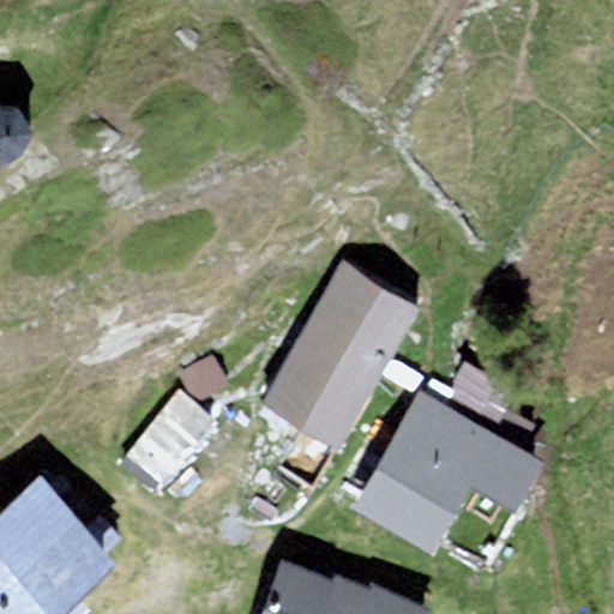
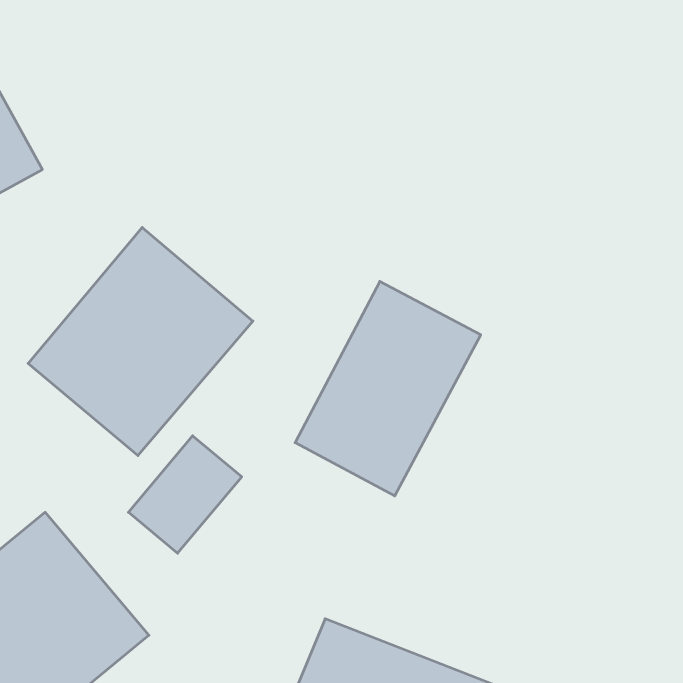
building: none -> [28,227,253,456]
building: [350,384,549,583] -> none

